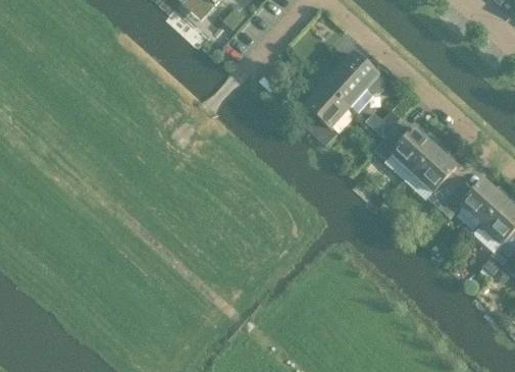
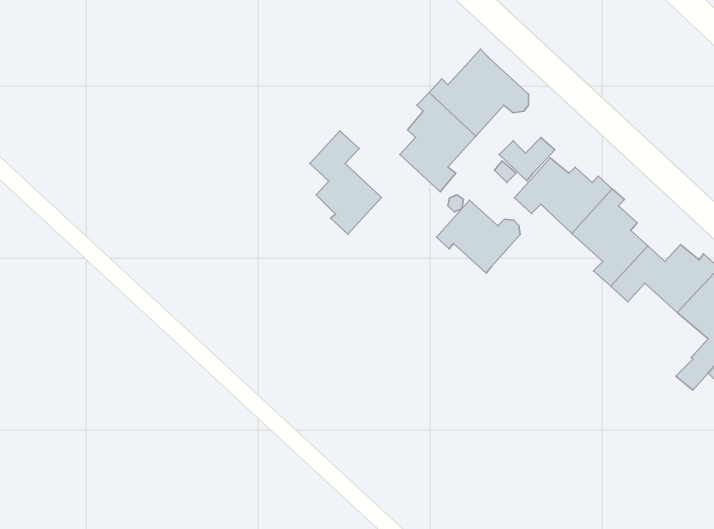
building: none -> [310,131,381,234]
building: none -> [437,200,520,273]

